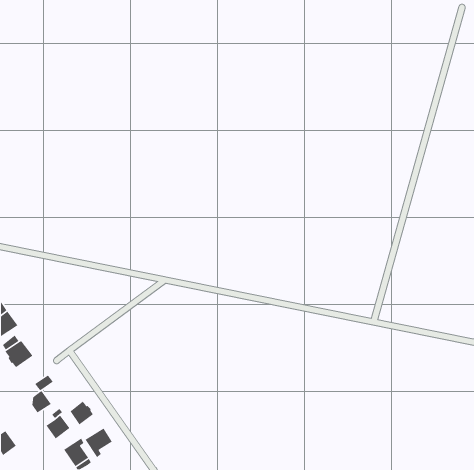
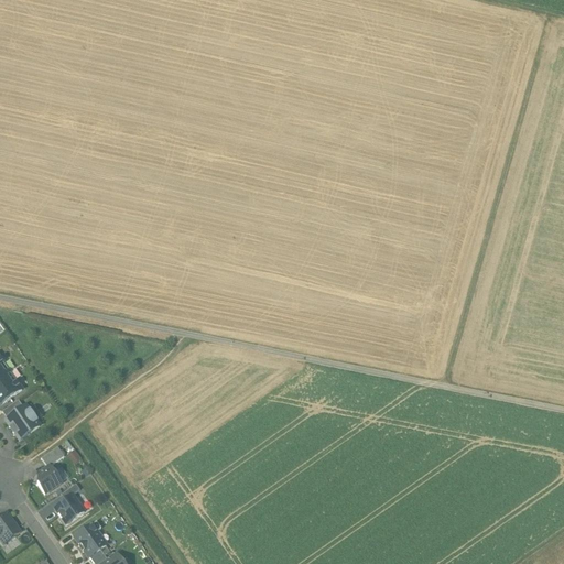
building: [70,401,94,426] -> none
building: [84,428,113,458] -> none

